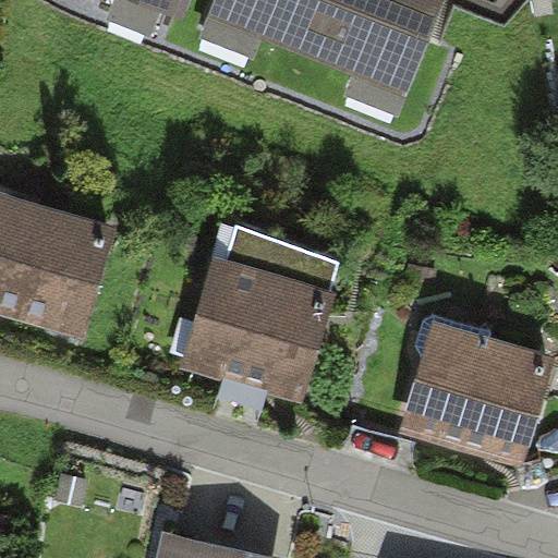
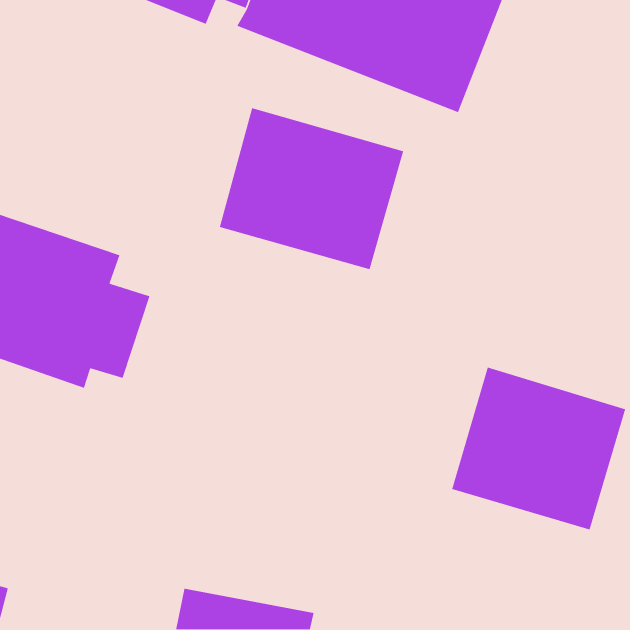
building: none -> [219,107,404,270]
building: [182,227,339,399] -> none

